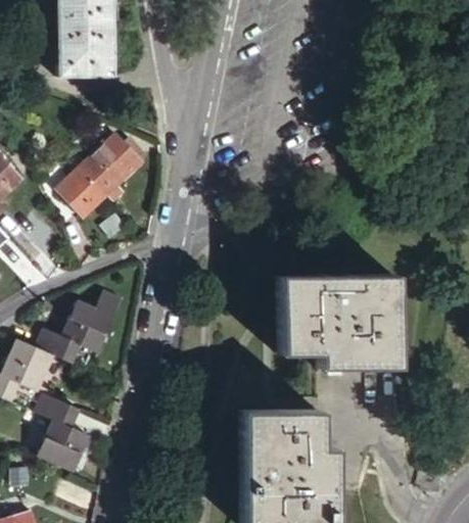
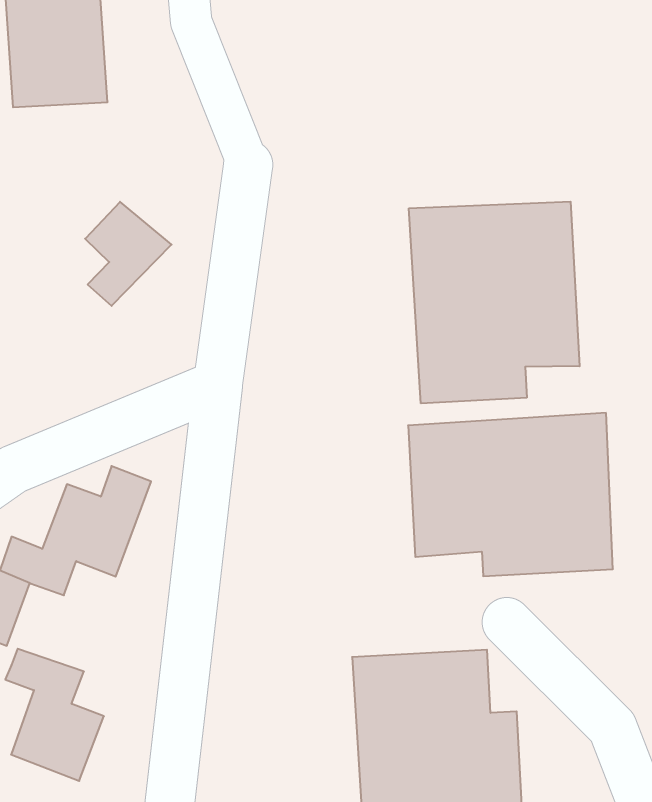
building: none -> [409,202,580,403]
building: [60,157,109,219] -> none

